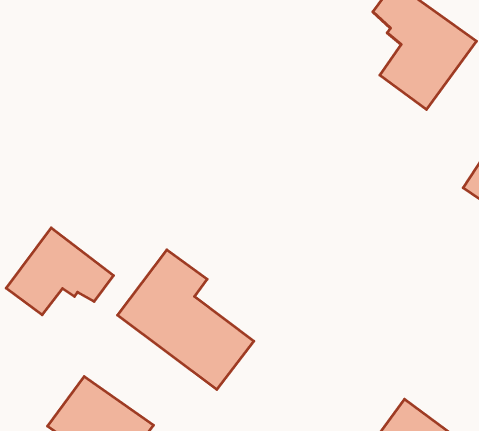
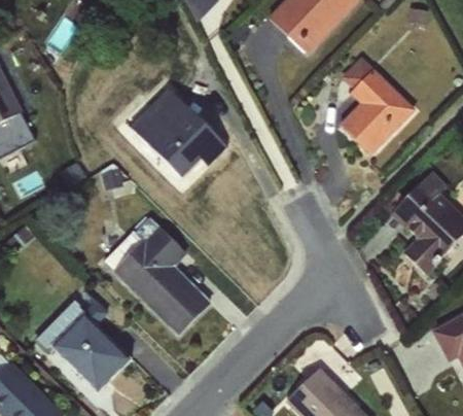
building: none -> [132,90,226,185]
building: [6,228,114,315] -> none

